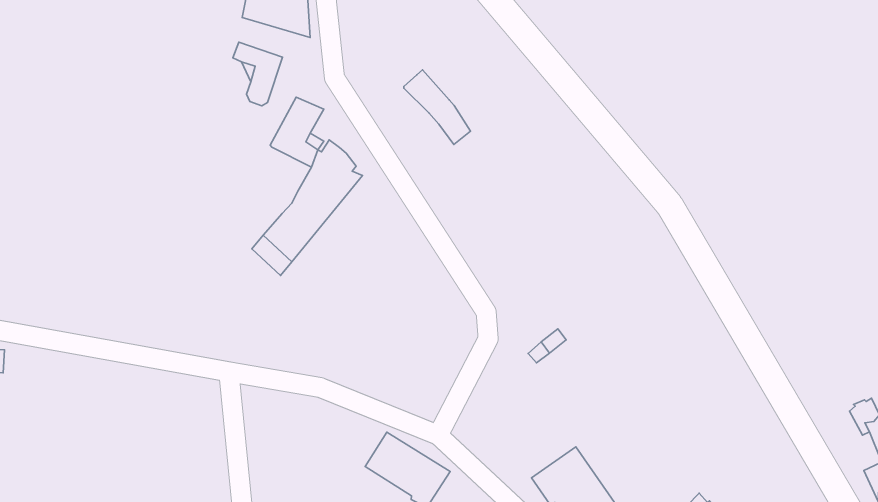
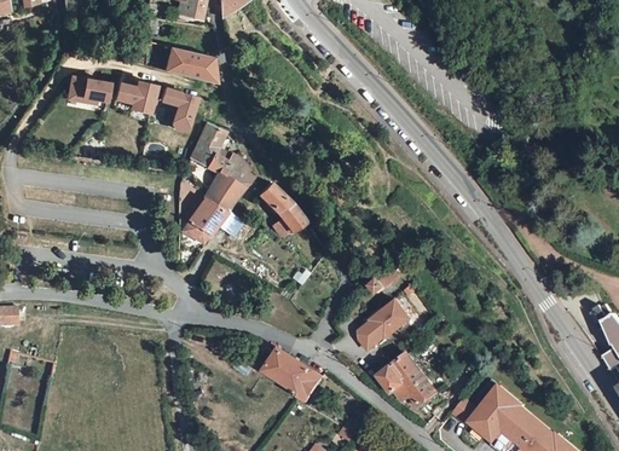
building: none -> [68,79,109,102]
building: none -> [115,82,155,114]
building: [404,70,470,144] -> [259,181,306,231]
building: none -> [361,300,413,349]

